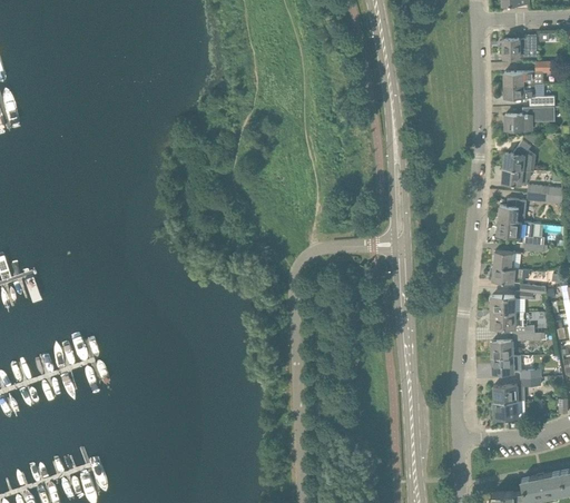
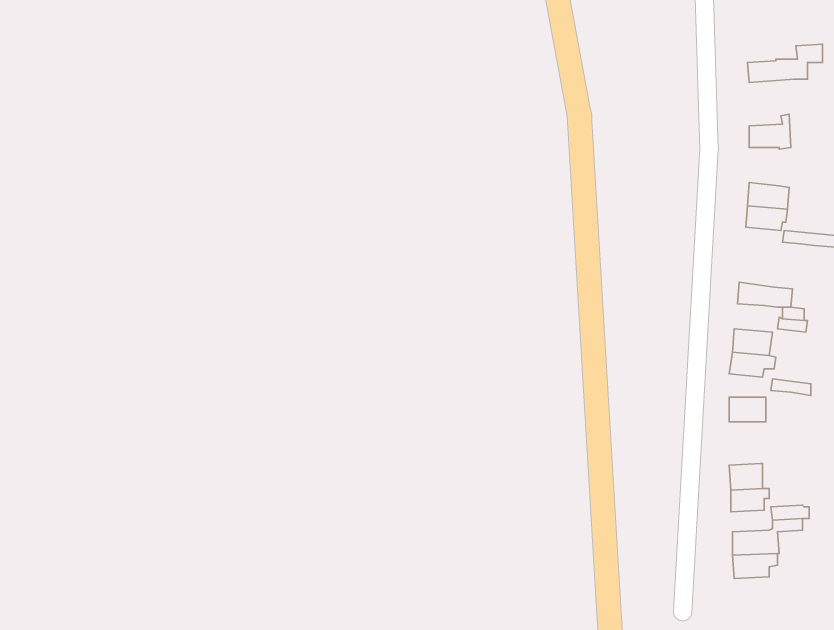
building: [503,37,535,58] -> none
building: [504,85,553,107] -> none
building: [498,199,524,224] -> none
building: [491,314,534,335] -> none

